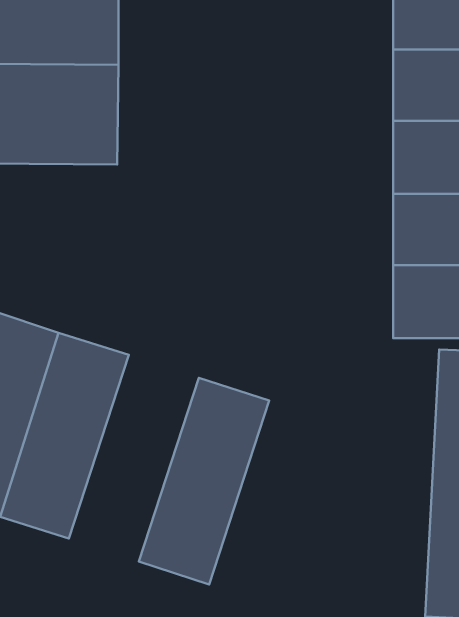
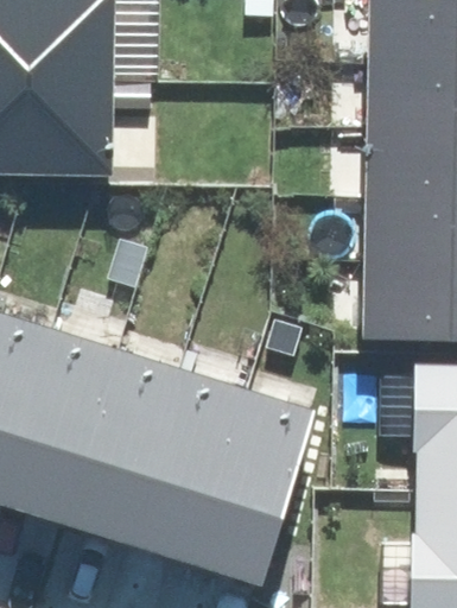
building: none -> [66,352,188,544]
building: none -> [197,394,317,585]

